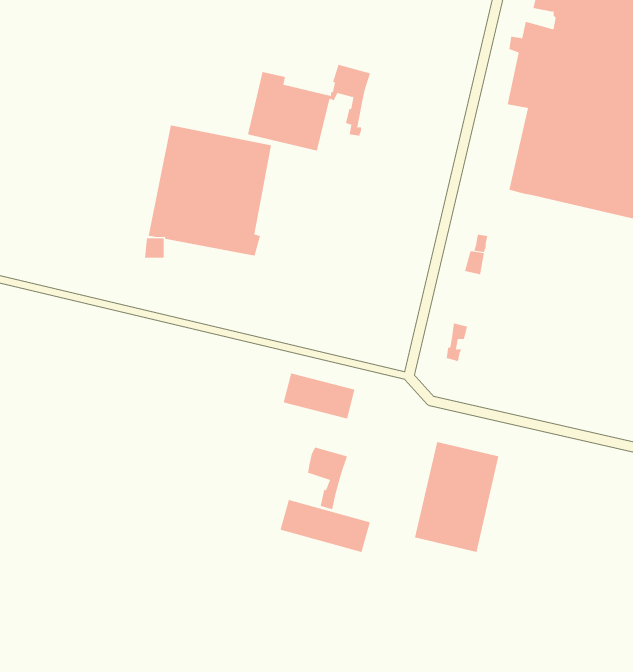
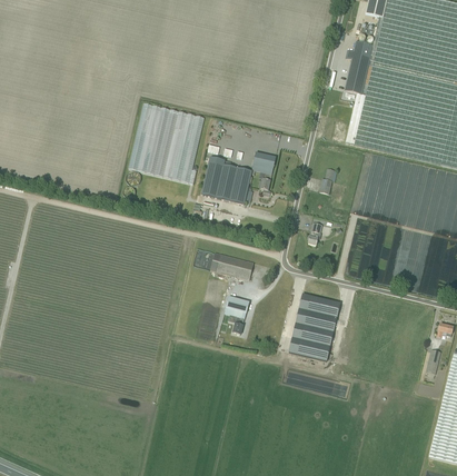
building: [247,64,371,151] -> [202,152,277,205]
building: [280,499,370,553] -> none

